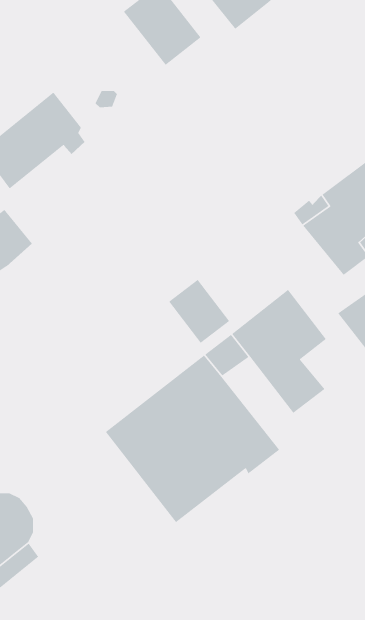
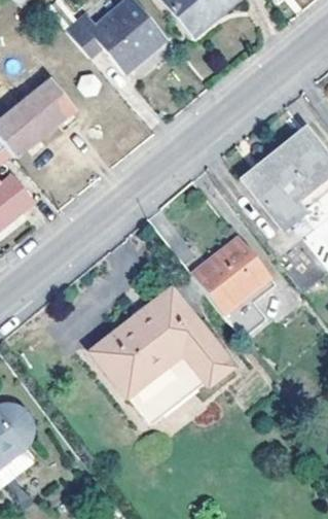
building: none -> [66,12,139,70]
building: [168,279,230,344] -> none

